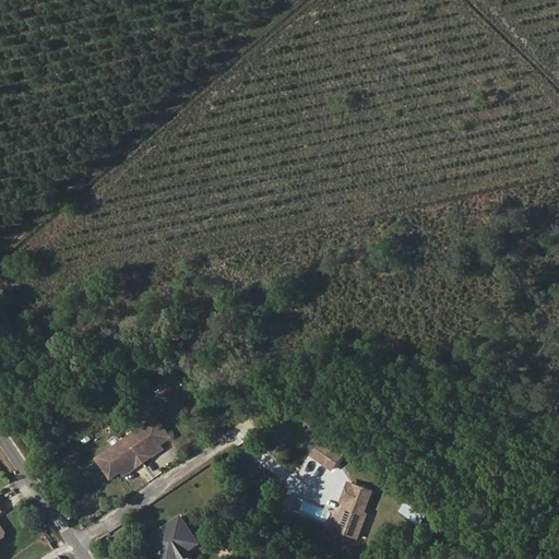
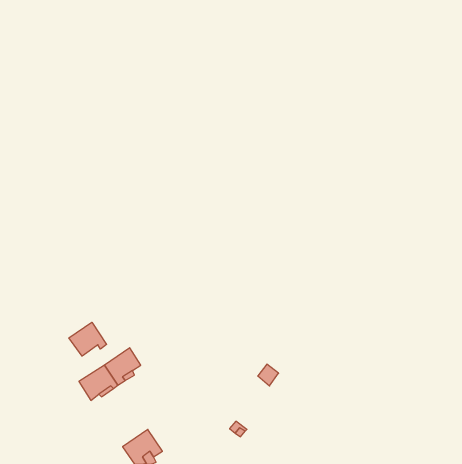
building: none -> [69,322,107,356]
building: [334,483,371,539] -> none

